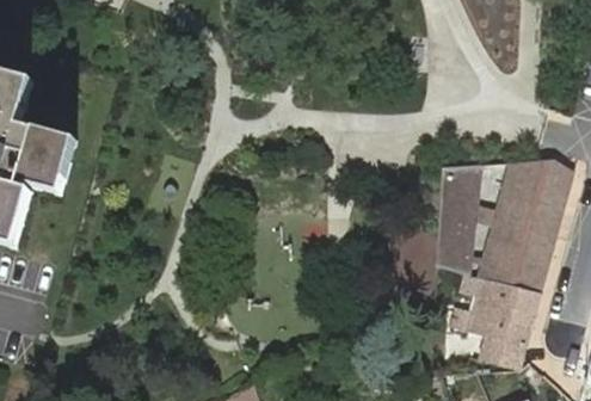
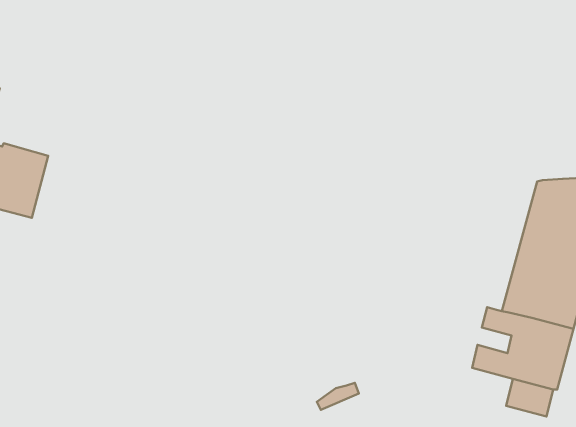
building: [436,166,481,278] -> none

